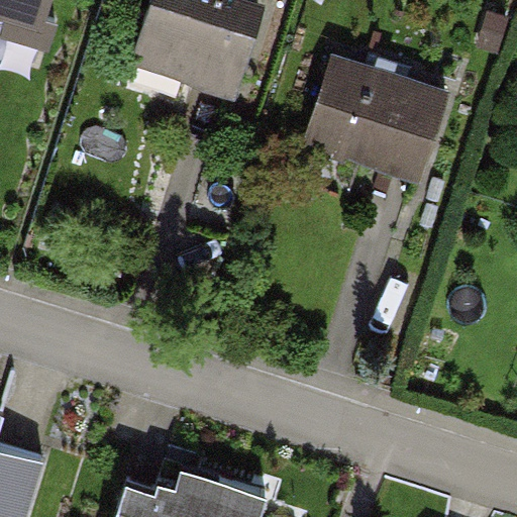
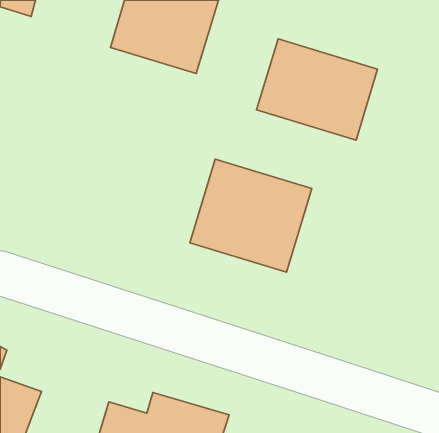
building: none -> [190,159,312,272]

